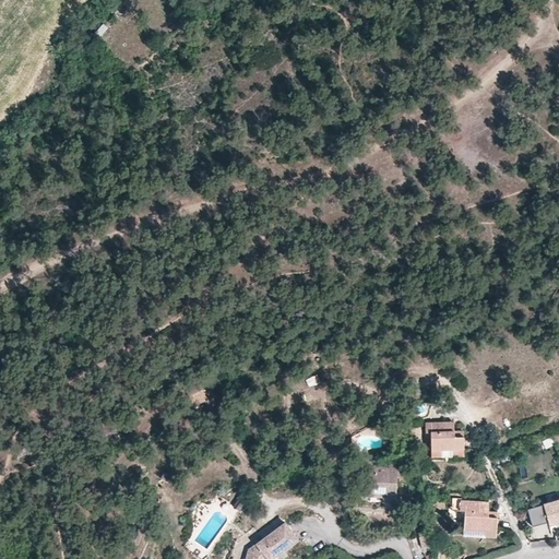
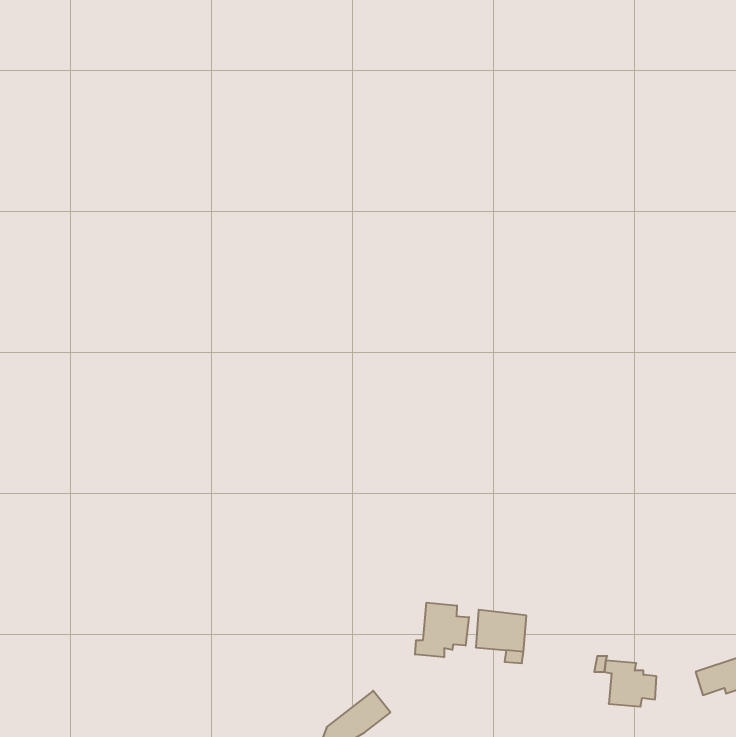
building: [424,424,463,456] -> none
building: none -> [415,603,469,657]

